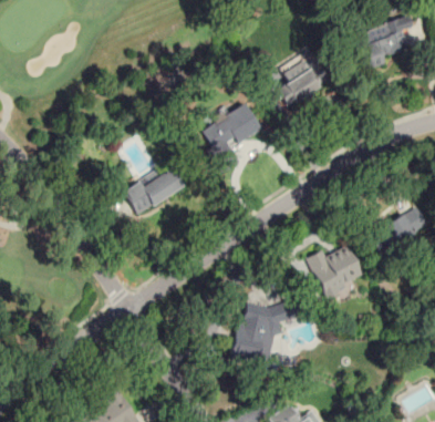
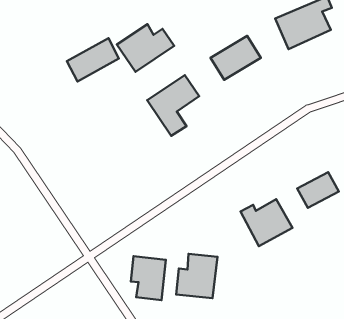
building: none -> [117,24,174,72]
building: [126,164,186,214] -> [67,38,119,81]
building: none -> [131,256,166,300]

